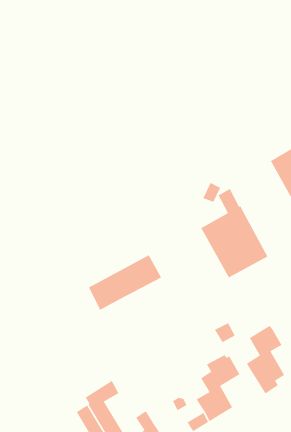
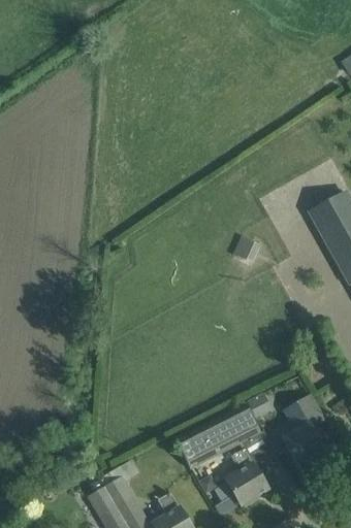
building: [200,188,268,278] -> none
building: [88,254,162,311] -> [176,403,259,467]

